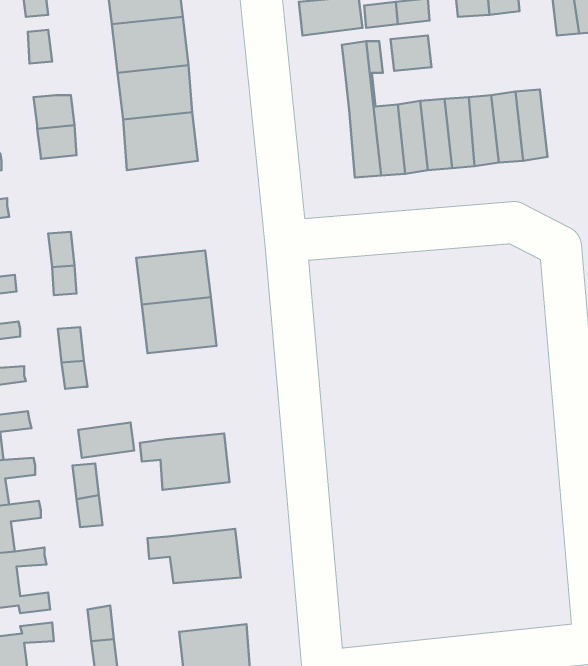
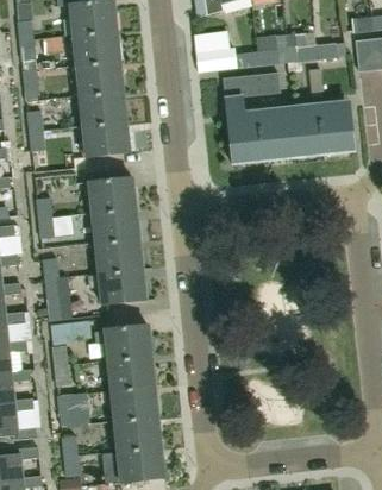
building: none -> [88,177,136,214]
building: none -> [87,270,146,306]
building: none -> [108,357,155,391]
building: none -> [57,392,87,426]
building: none -> [115,417,162,452]

